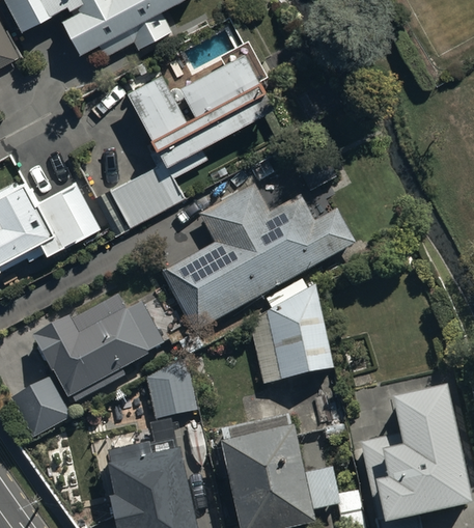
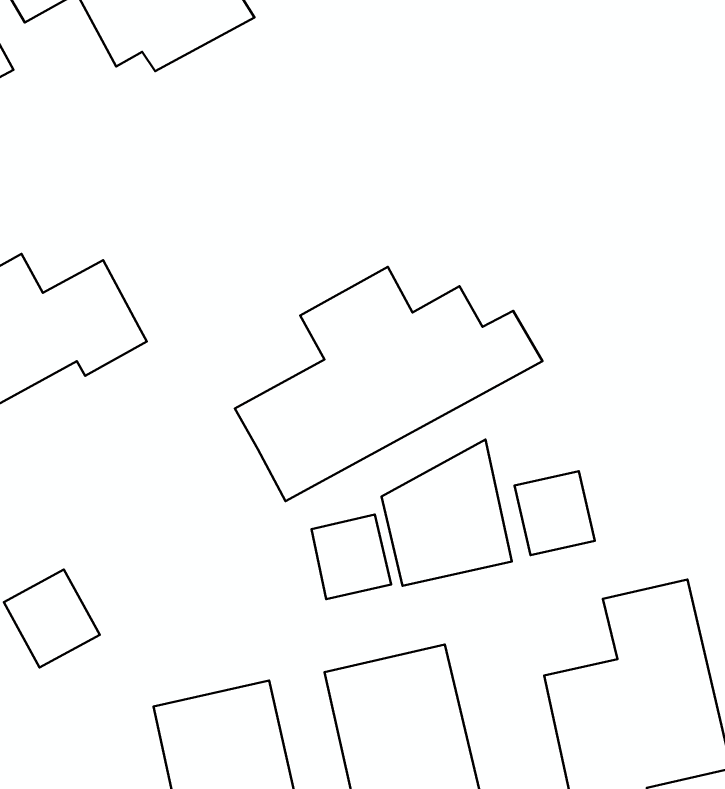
building: [106,39,278,231] -> none
building: [32,289,167,399] -> none
building: none -> [514,471,595,555]
building: [147,367,198,421] -> [311,515,391,599]

